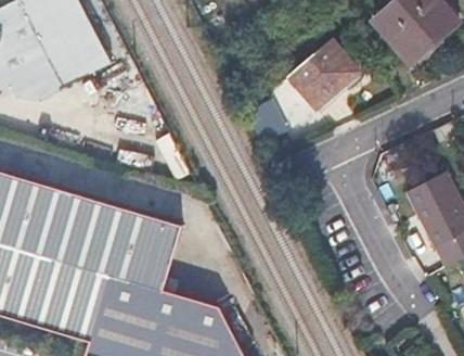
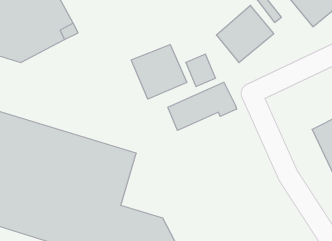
building: none -> [131,45,187,99]
building: none -> [168,82,237,130]

